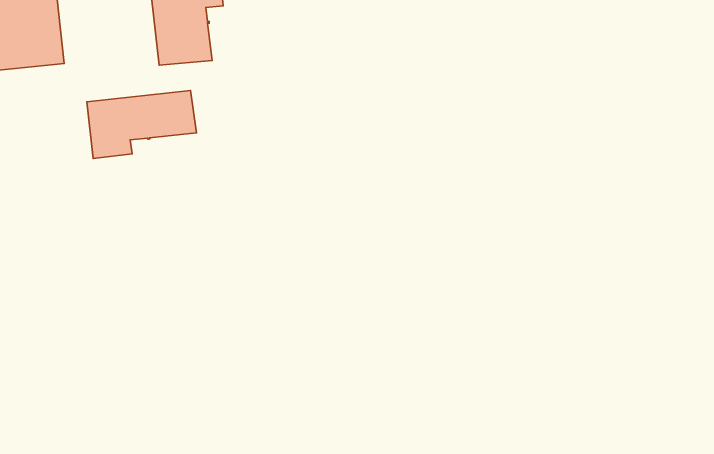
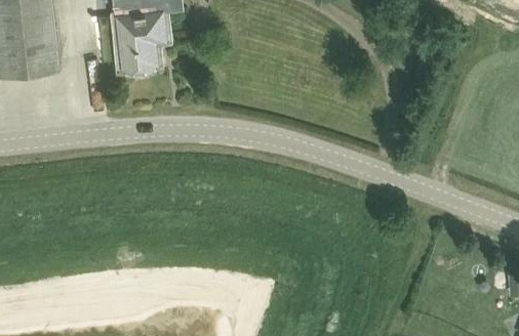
building: [87,90,197,158] -> none

